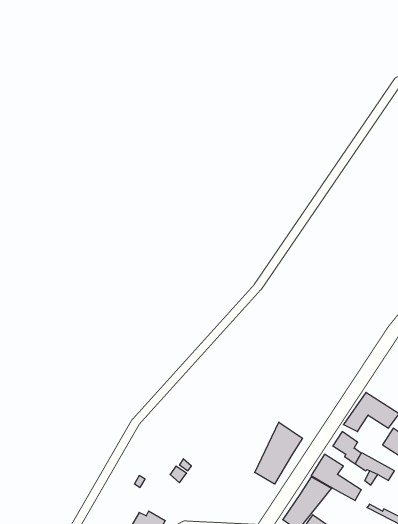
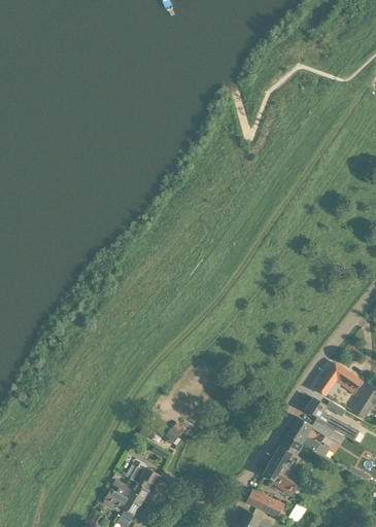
building: [255,422,303,484] -> none

